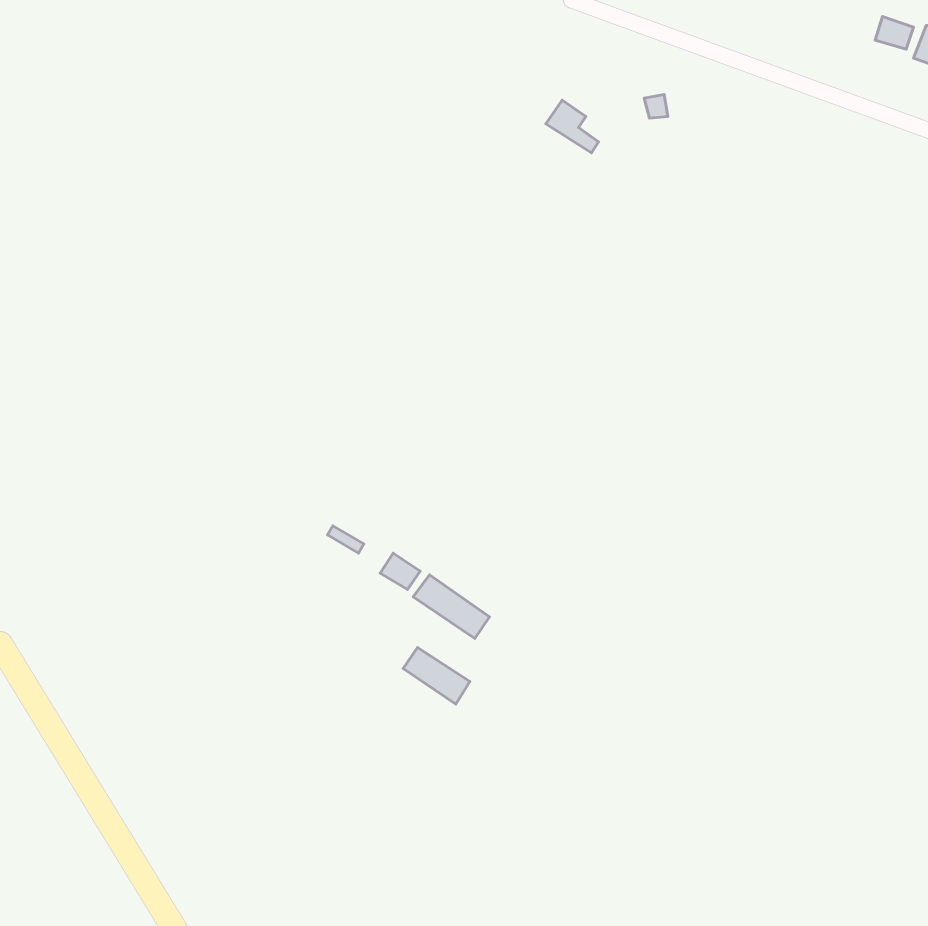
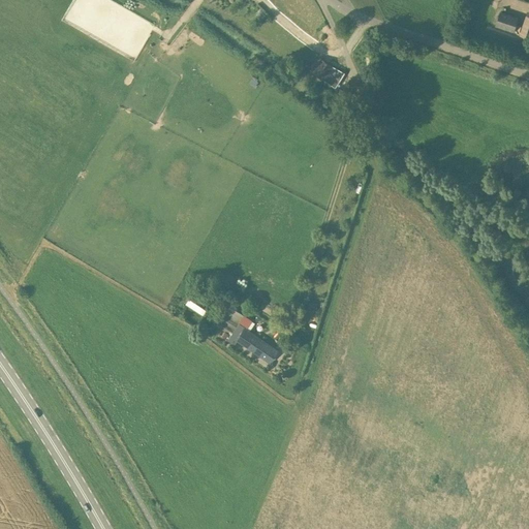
building: [403,647,470,704] -> none

